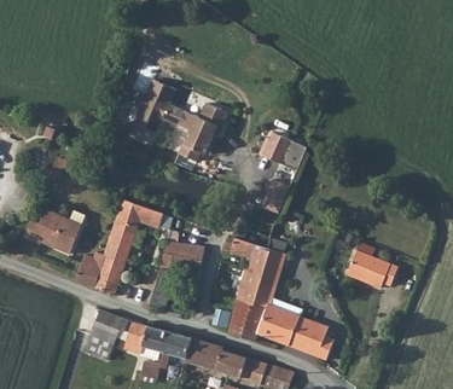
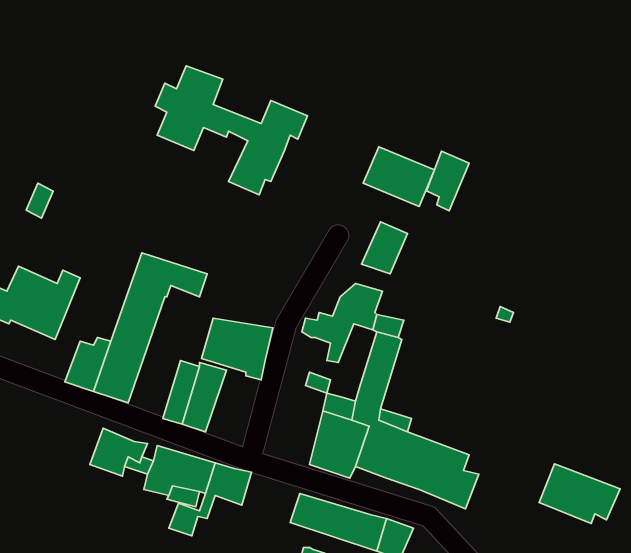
building: none -> [427,151,469,211]
building: [345,250,396,288] -> [539,464,620,524]
building: [184,337,222,368] -> none

